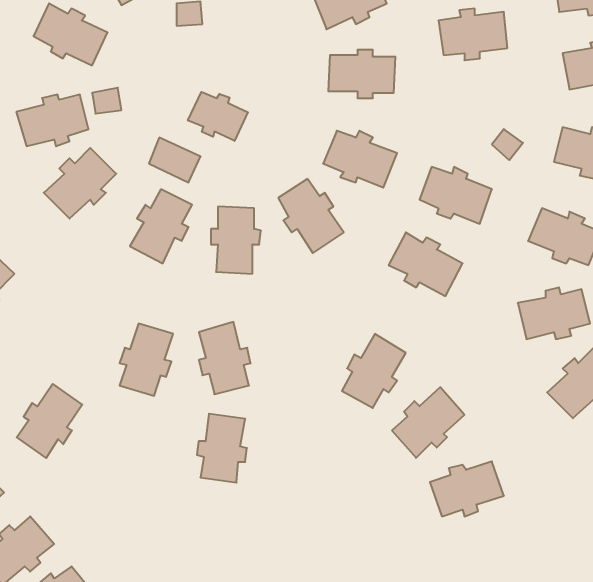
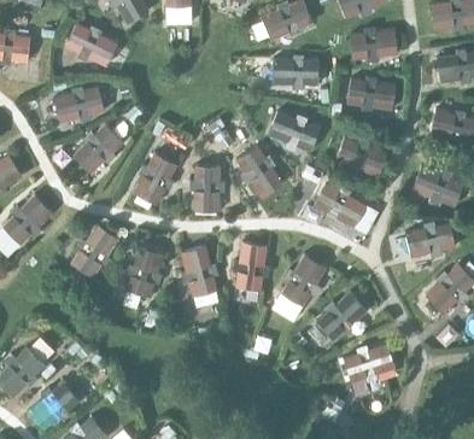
building: none -> [346,76,396,112]
building: [188,92,248,141] -> none
building: [17,384,82,458] -> [71,226,117,277]
building: [197,414,247,483] -> [233,242,268,291]

